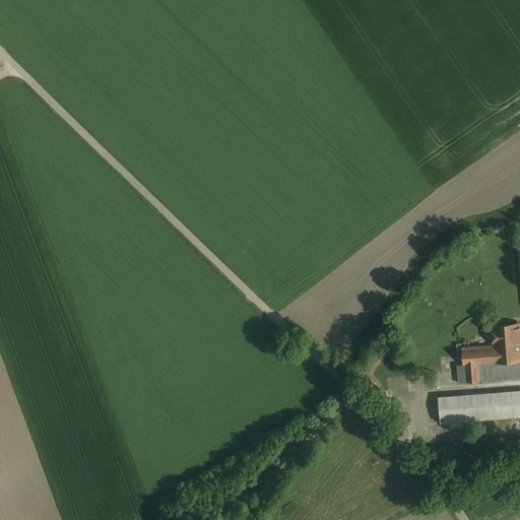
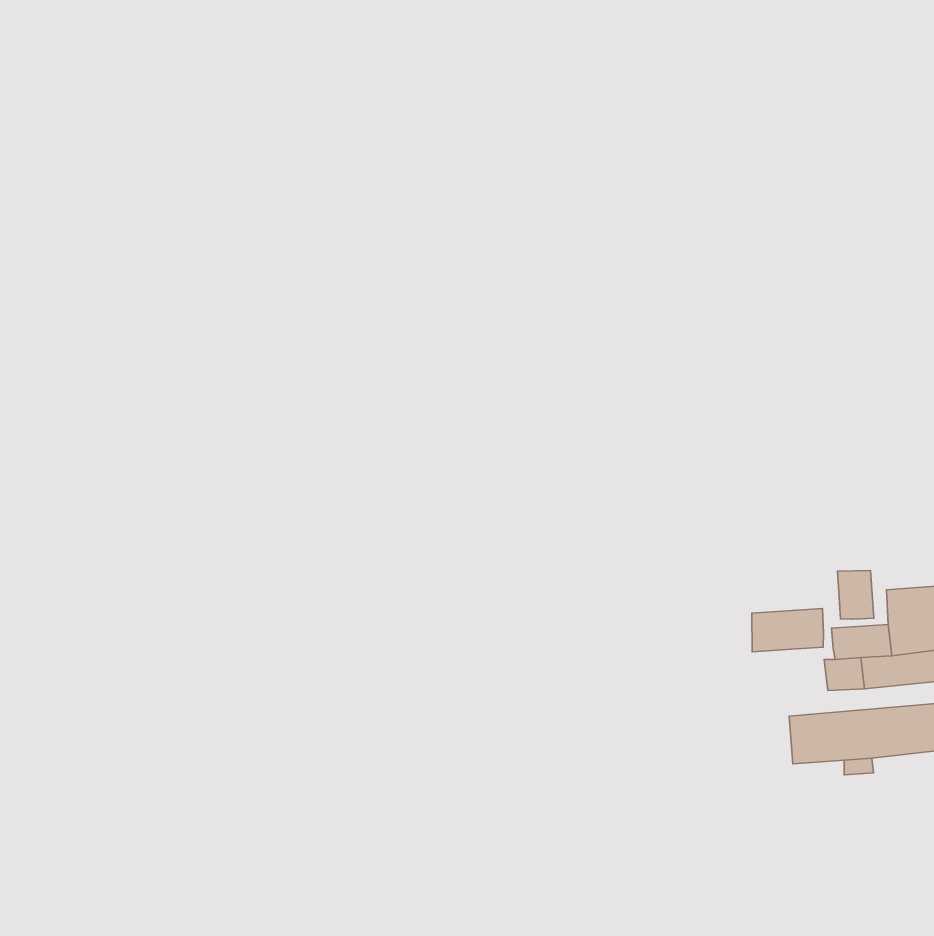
building: none -> [837,570,874,619]
building: none -> [752,608,824,652]

